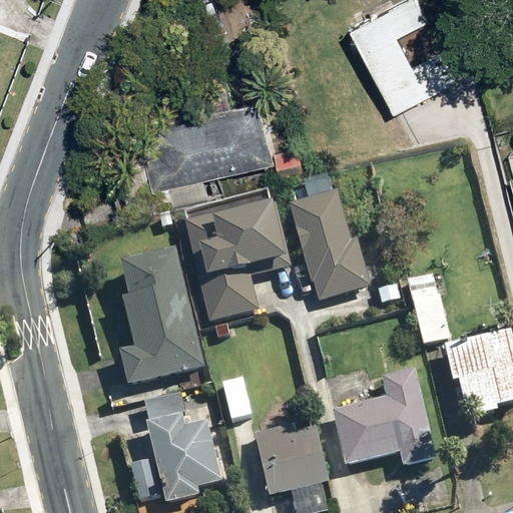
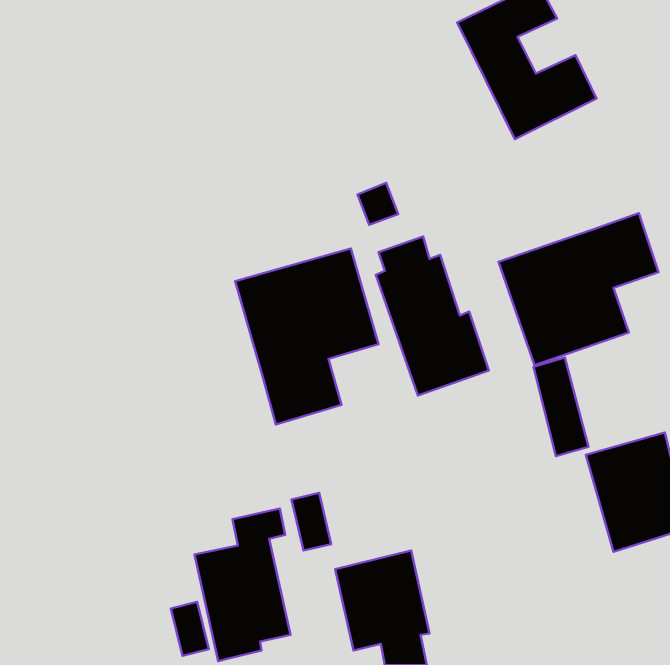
building: [146,91,273,183] -> none
building: none -> [499,213,659,365]
building: [119,253,203,386] -> none
building: [332,370,437,466] -> none

